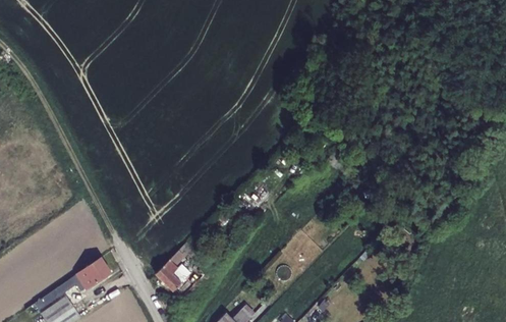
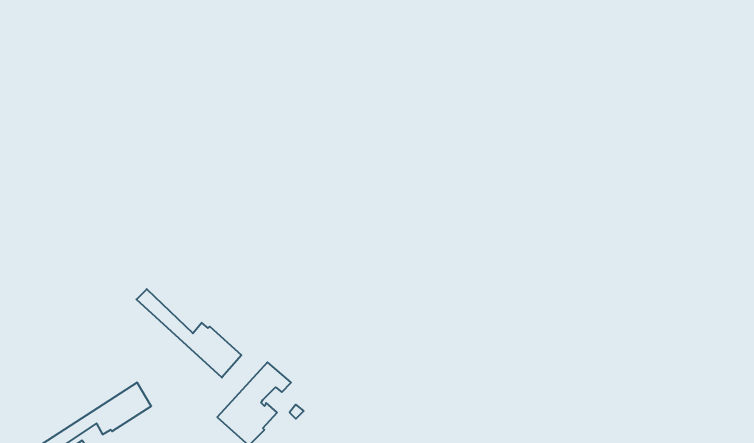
building: none -> [136,289,241,378]

